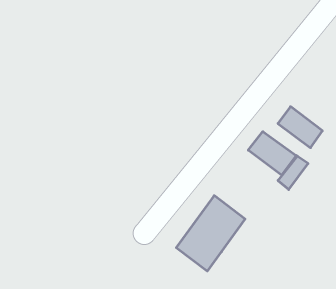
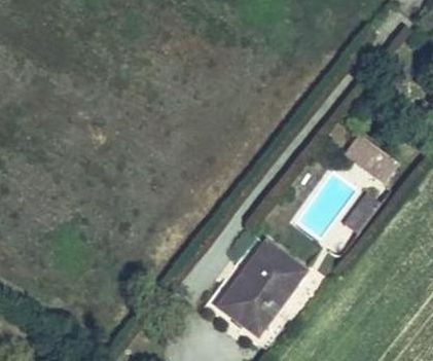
building: [248,132,296,175] -> none

